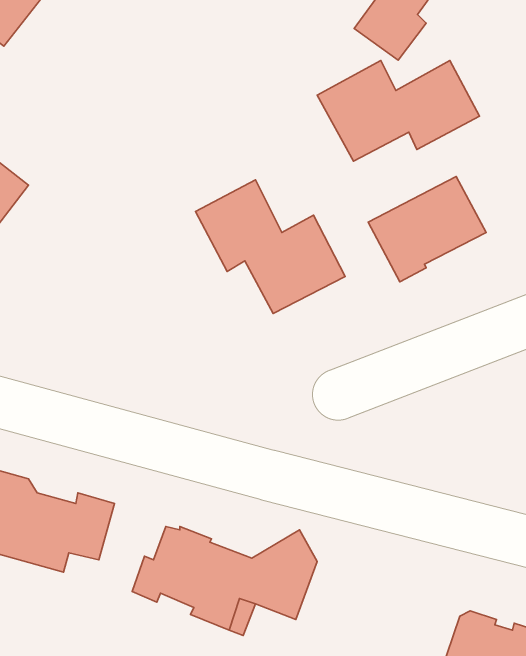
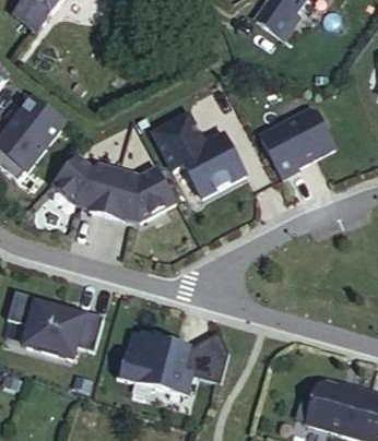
building: [317,60,479,161] -> none
building: none -> [52,157,176,222]

